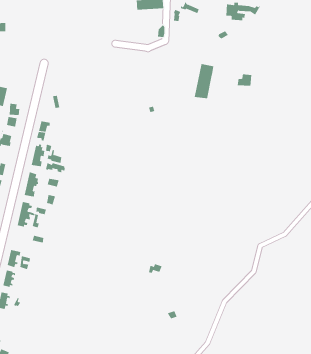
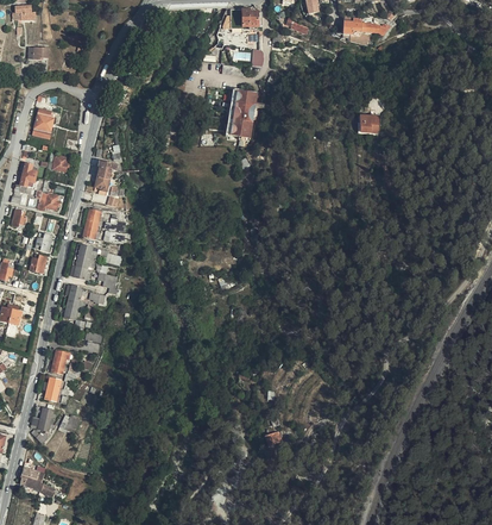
building: [194,64,214,99] -> [229,89,257,137]

